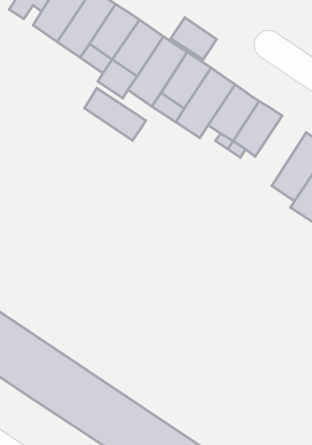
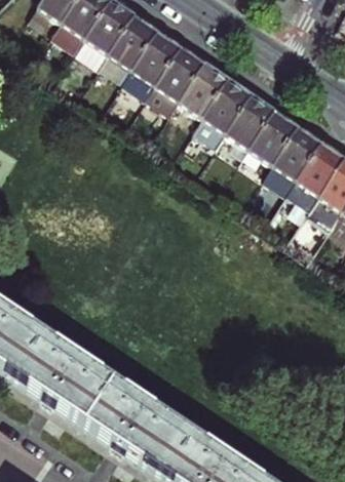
building: [171,18,216,60] -> none
building: [84,88,146,140] -> none
building: none -> [265,124,324,194]

